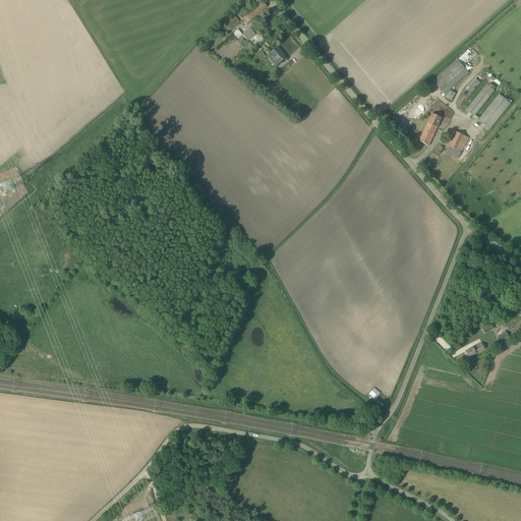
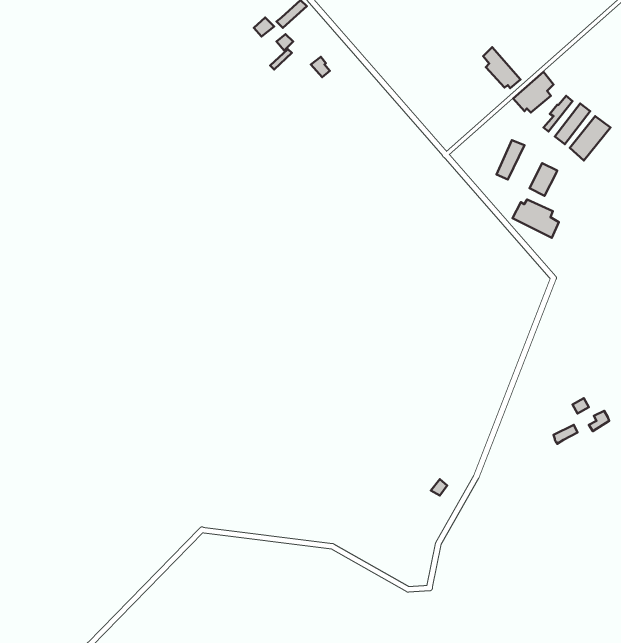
building: none -> [483,47,520,88]
building: none -> [513,199,559,238]

